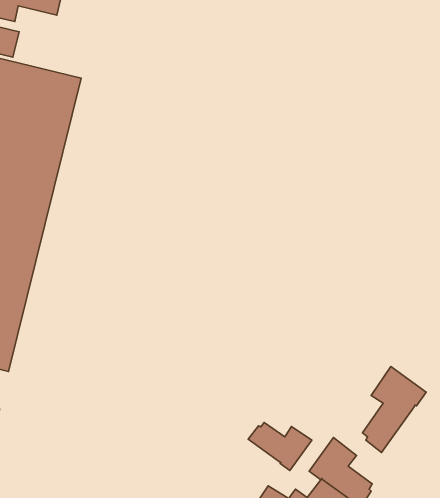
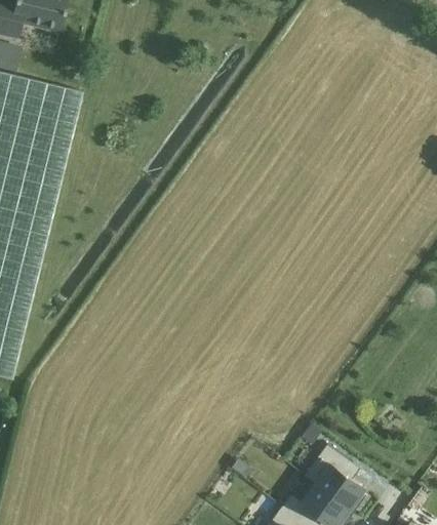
building: [363,367,426,452] -> none
building: [248,423,312,470] -> none

